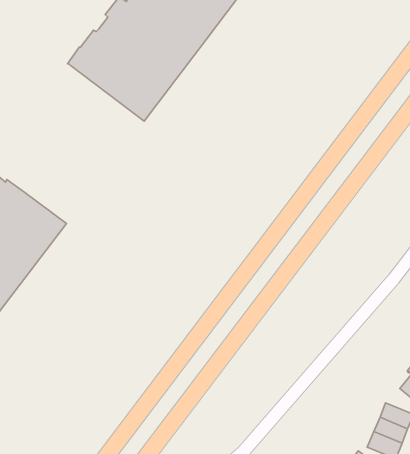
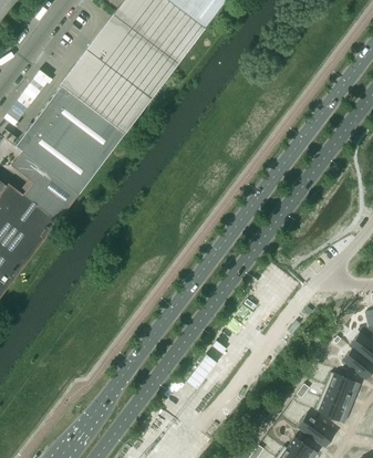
building: none -> [11,85,125,220]

